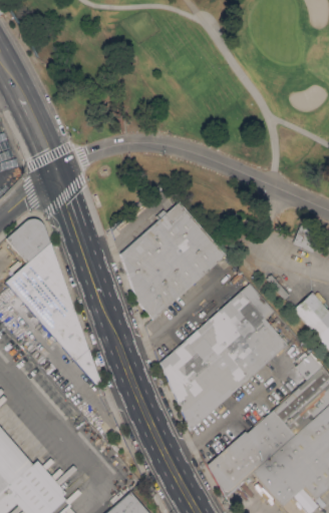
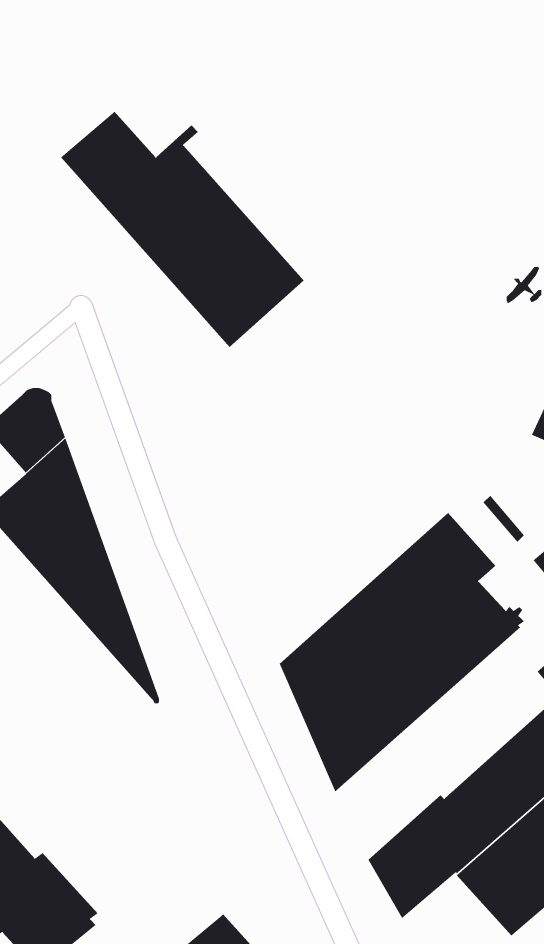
building: none -> [60,111,304,348]
building: [120,202,224,319] -> none

